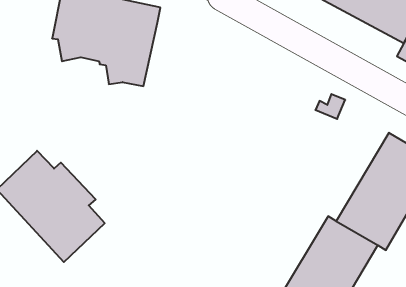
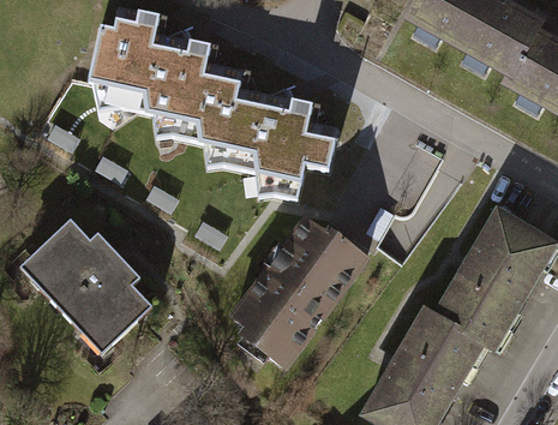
building: none -> [202,67,342,203]
building: none -> [232,219,374,375]

